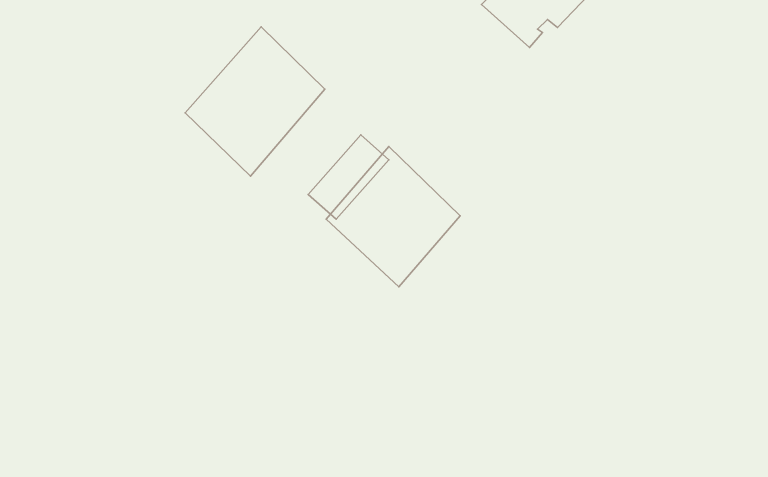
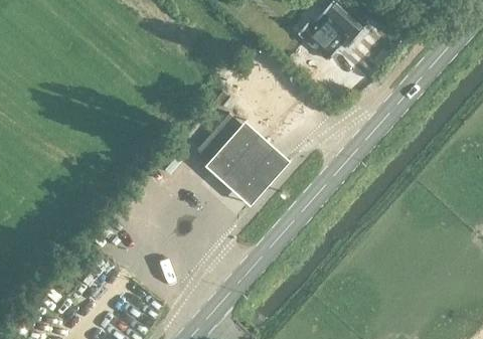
building: [185,27,325,176] -> none

